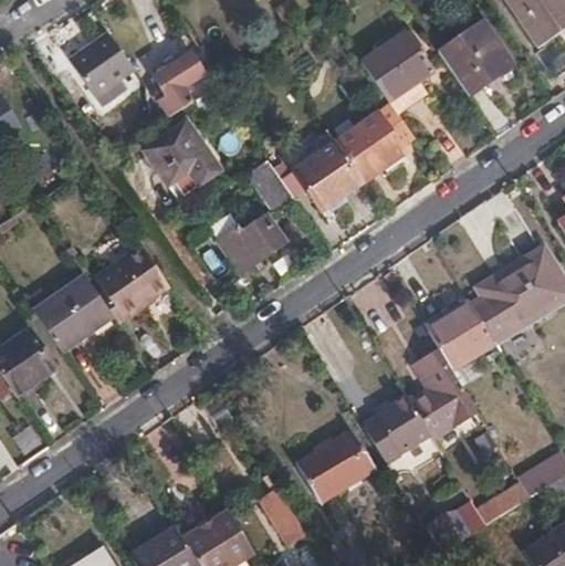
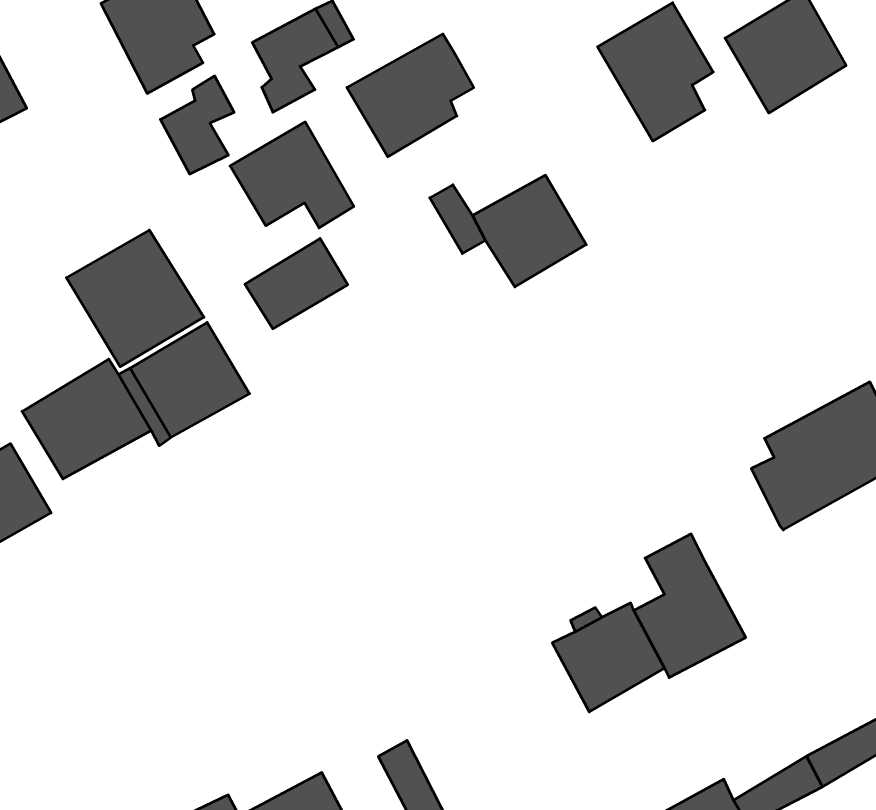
building: none -> [160,76,234,174]
building: [336,105,412,181] -> [347,34,474,157]
building: [248,160,290,206] -> none
building: none -> [66,230,204,367]
building: [223,216,285,272] -> [245,238,348,329]
building: [428,304,493,367] -> none
building: [299,431,374,501] -> none

